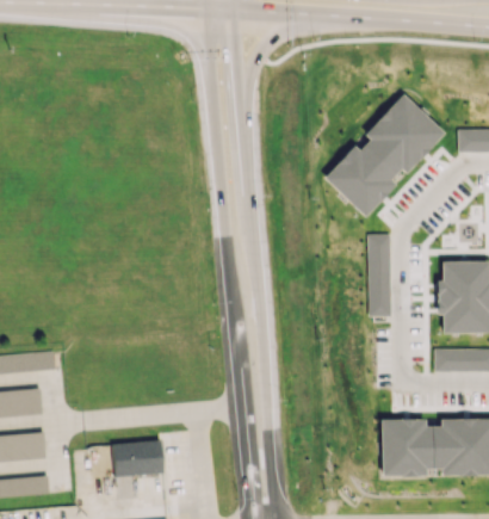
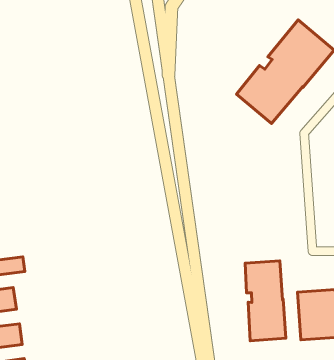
building: [367,233,391,315] -> none
building: none -> [245,261,286,341]
building: [113,439,163,475] -> none

